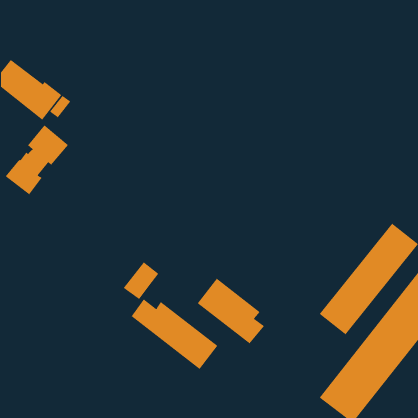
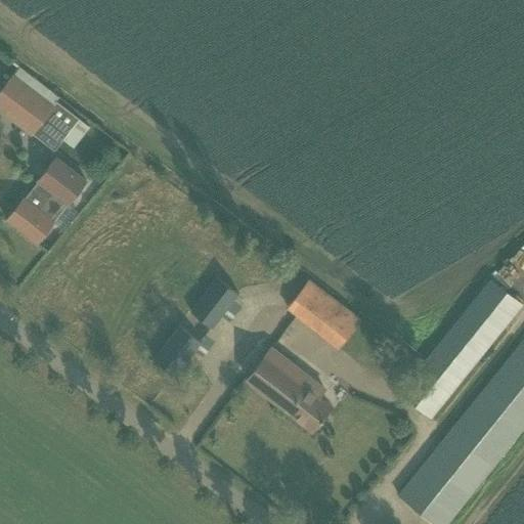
building: none -> [281,274,358,349]
building: none -> [194,279,238,330]
building: [131,298,218,370] -> none

